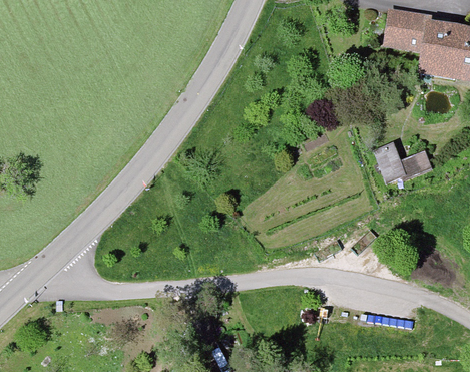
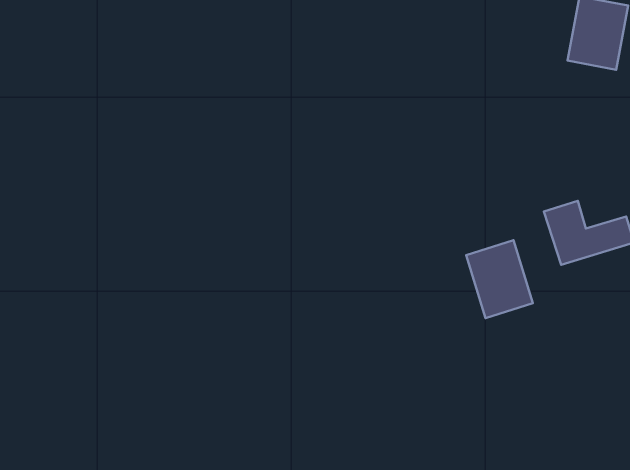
building: none -> [466,240,533,318]

